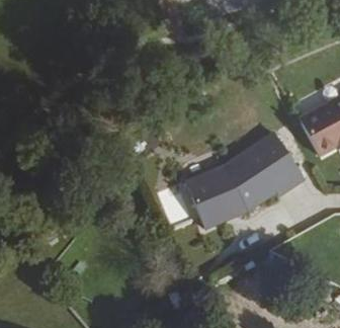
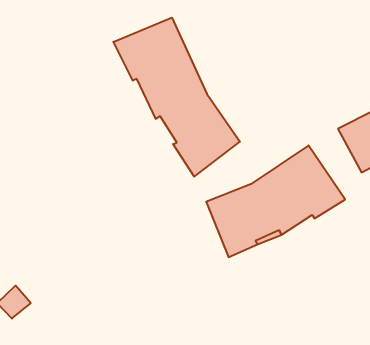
building: none -> [113,18,240,177]

